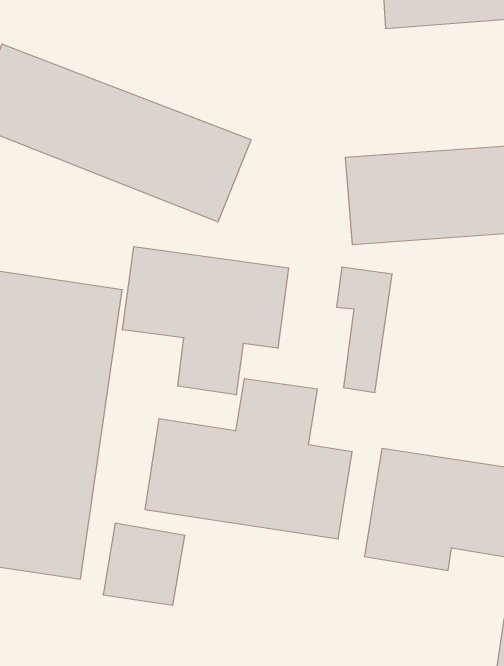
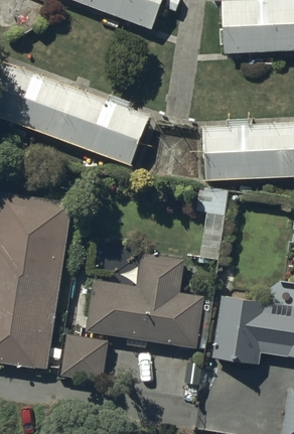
building: [122,247,289,395] -> none

